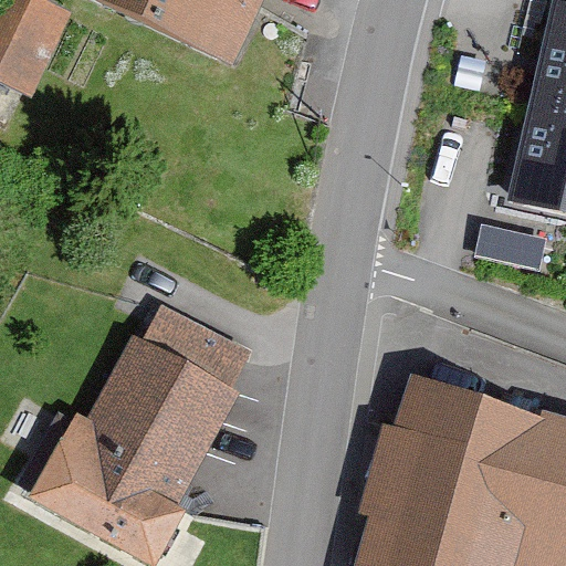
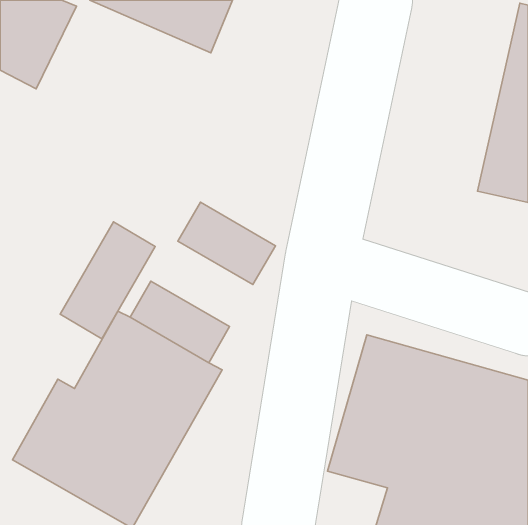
building: none -> [178,202,276,285]
building: none -> [60,222,155,339]

